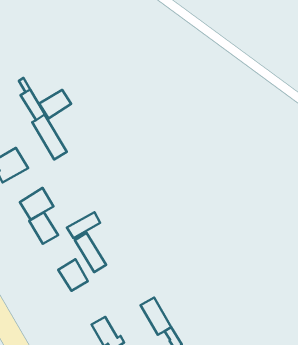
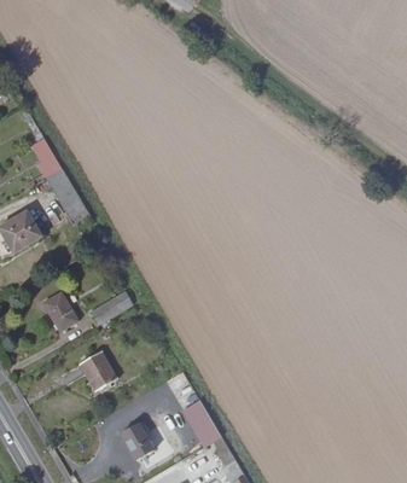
building: [39,90,71,118] -> none
building: [20,188,54,220] -> none
building: [75,233,106,272] -> none

